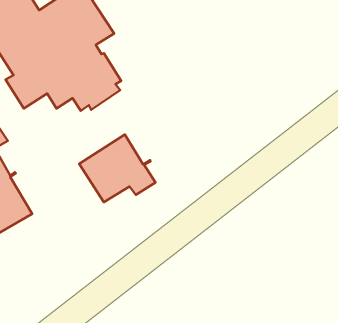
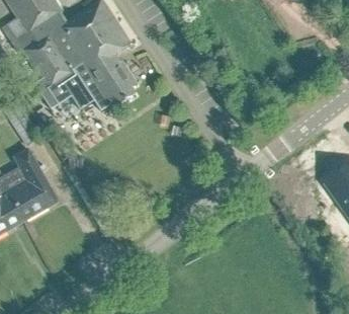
building: [79,135,155,202] -> none

